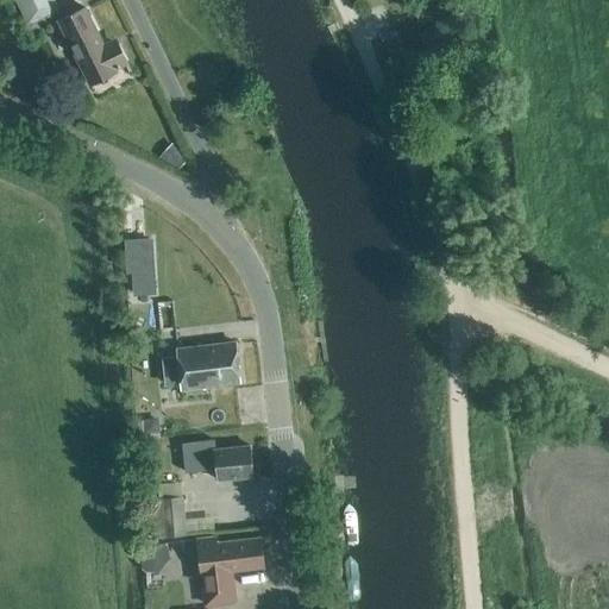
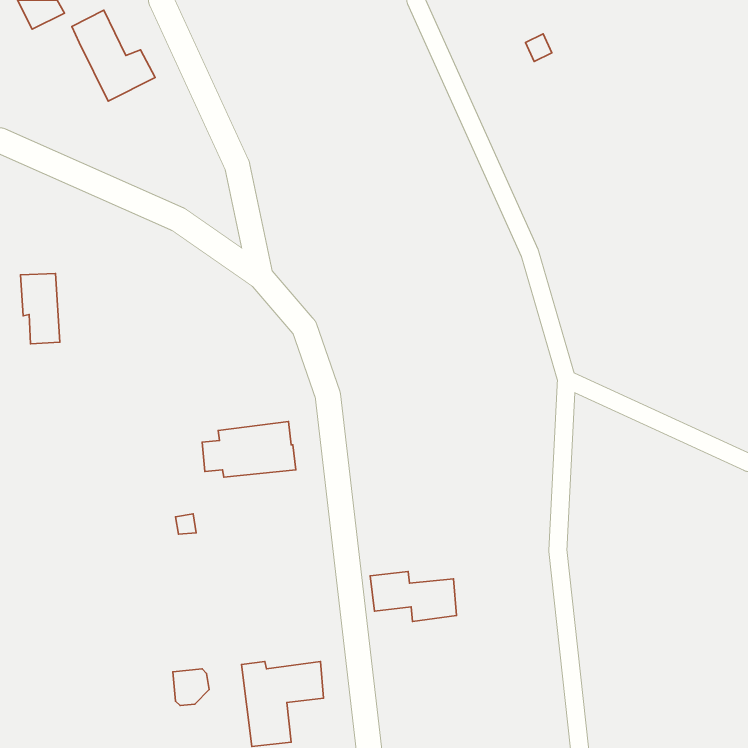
building: [124,239,156,296] -> [20,273,60,344]
building: [182,440,252,481] -> [370,572,456,621]
building: [147,497,187,539] -> none

